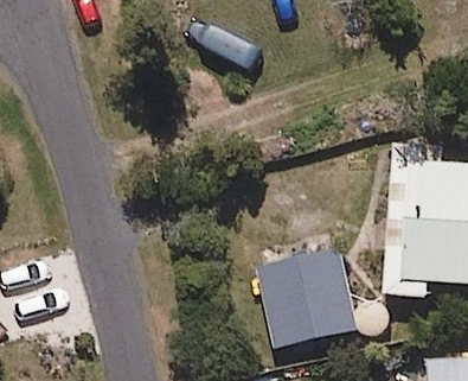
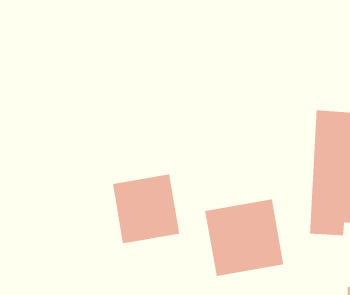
building: none -> [112,173,180,244]

